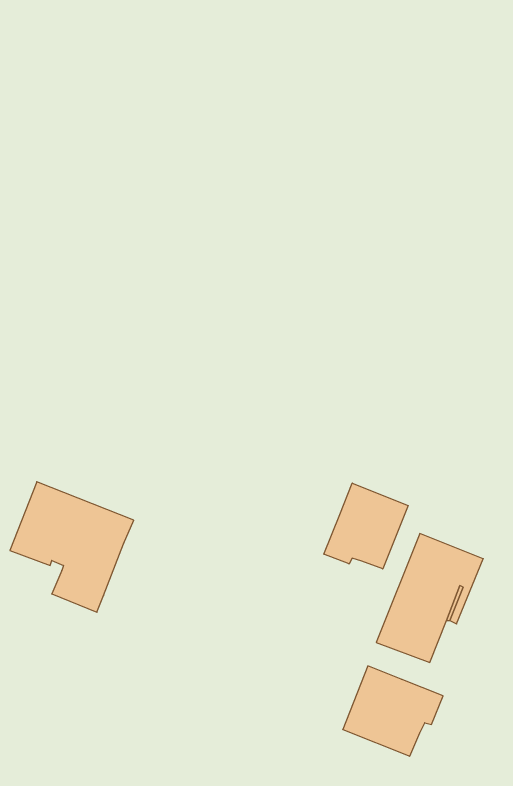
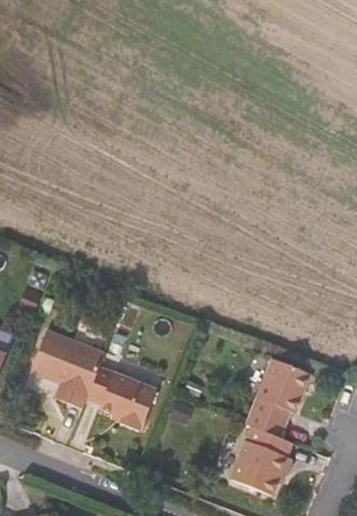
building: [324,483,408,569] -> none
building: none -> [86,366,155,430]

